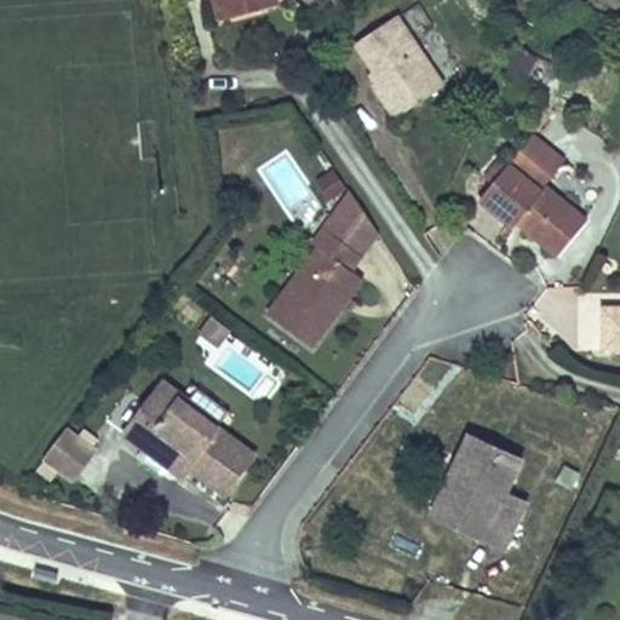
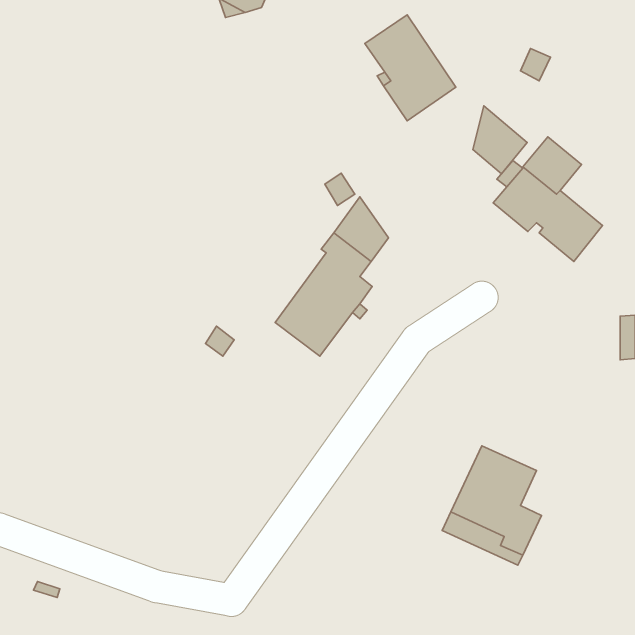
building: none -> [473,106,527,174]
building: [125,384,253,493] -> none
building: [44,427,93,478] -> none

